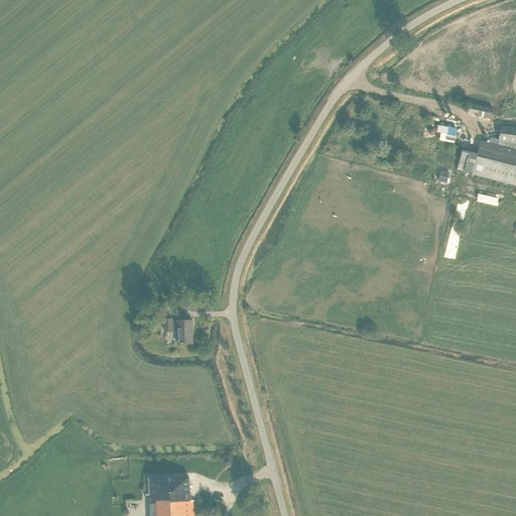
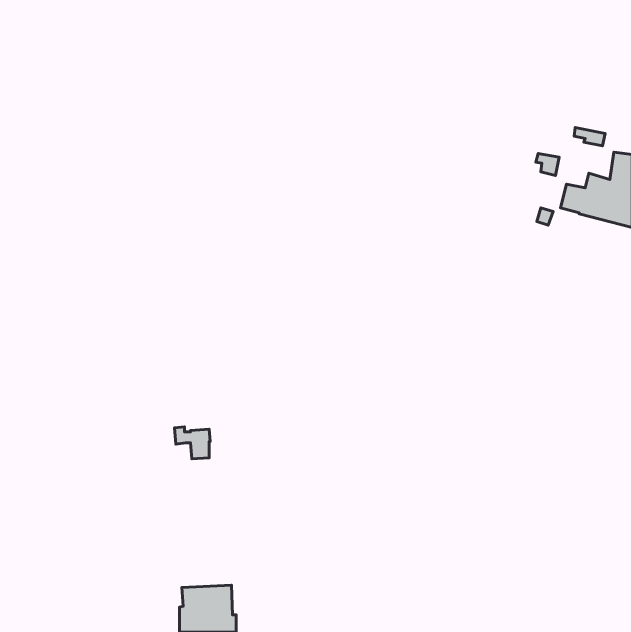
building: [164,318,194,345] -> [174,427,210,459]

